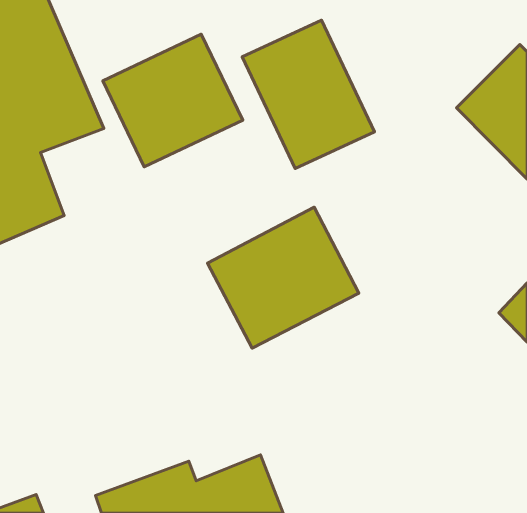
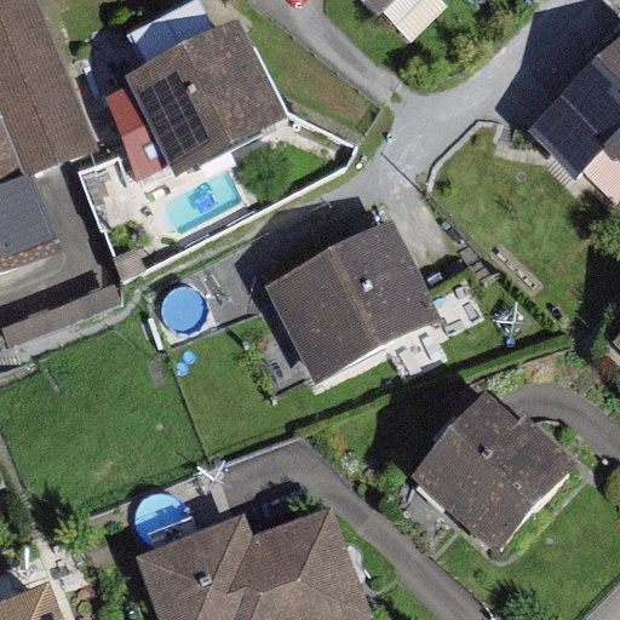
building: [242,20,374,168] -> none
building: none -> [388,420,553,584]

